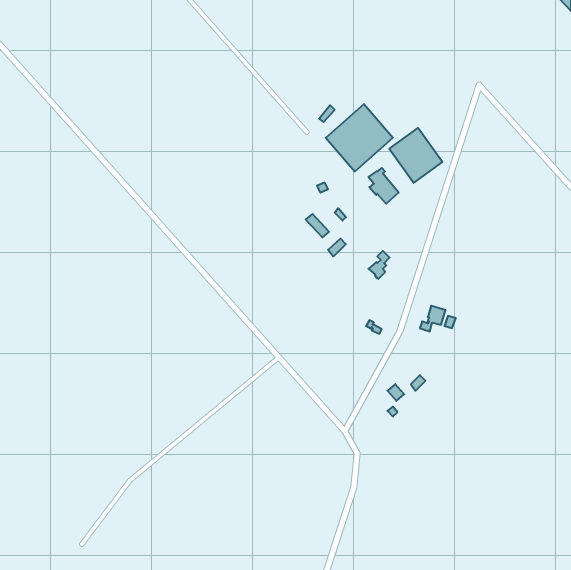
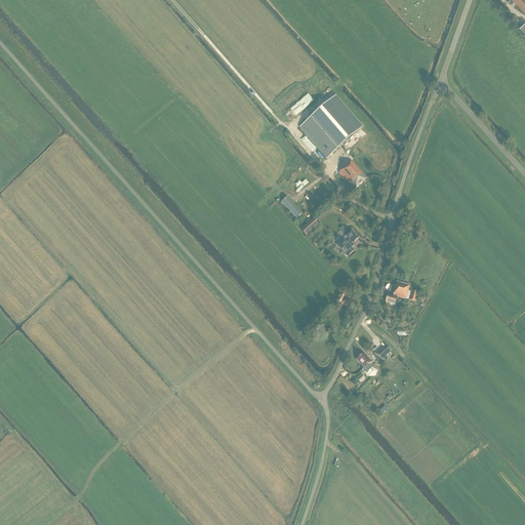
building: [389,128,442,183] -> none

